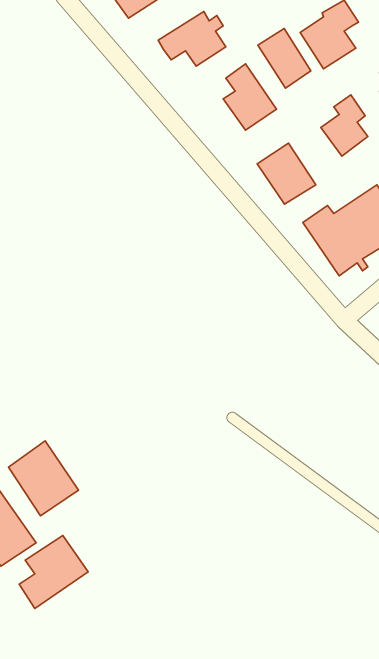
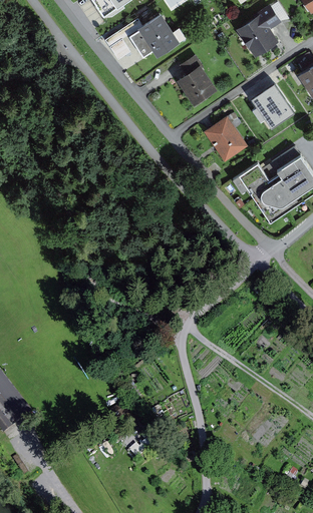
building: [258,29,311,88] -> none
building: [8,441,79,516] -> none
building: [19,535,88,608] -> none

